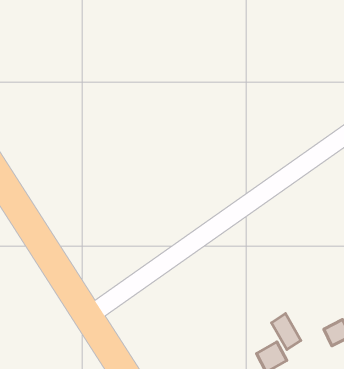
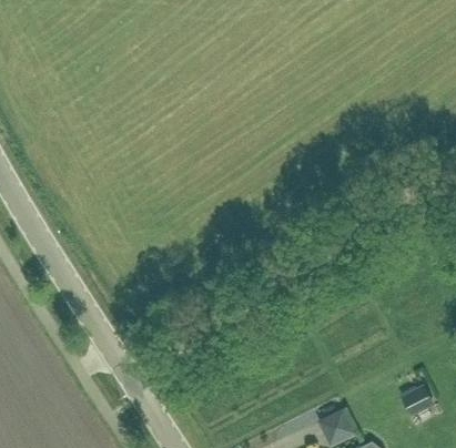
building: [272,314,301,349] -> none

